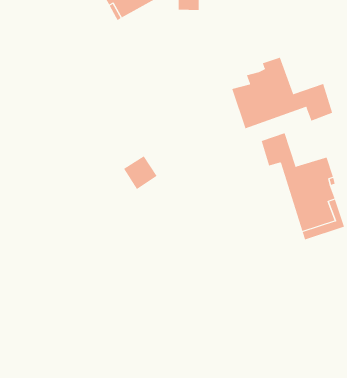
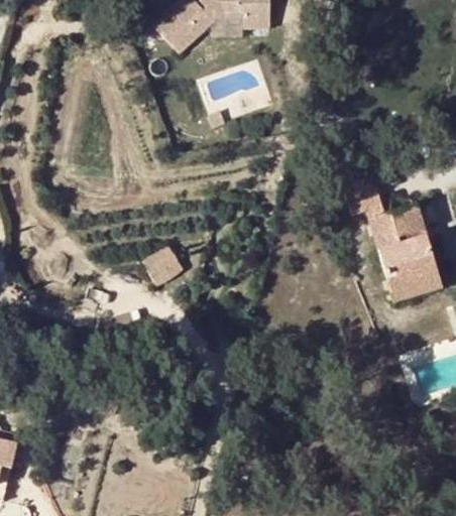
building: [231,57,333,129] -> none
building: [123,156,158,190] -> [141,246,183,287]

